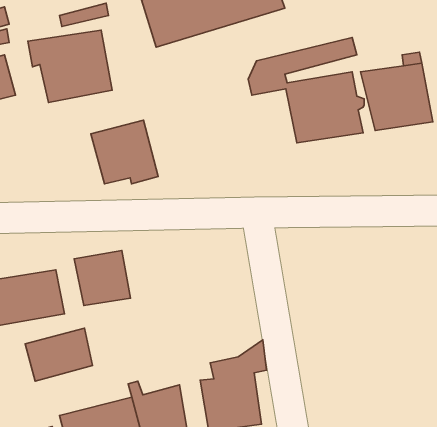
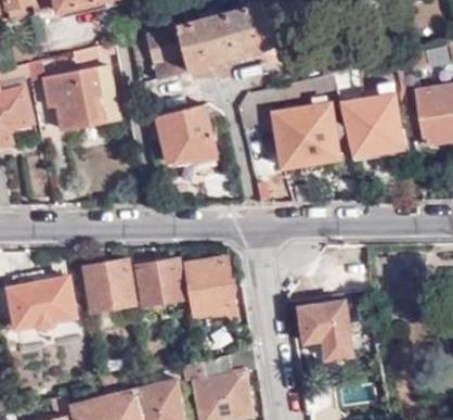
building: [91,120,158,184] -> [156,106,216,163]
building: none -> [189,259,233,316]
building: none -> [137,262,184,306]
building: none -> [299,301,352,357]
building: [25,328,93,381] -> none

